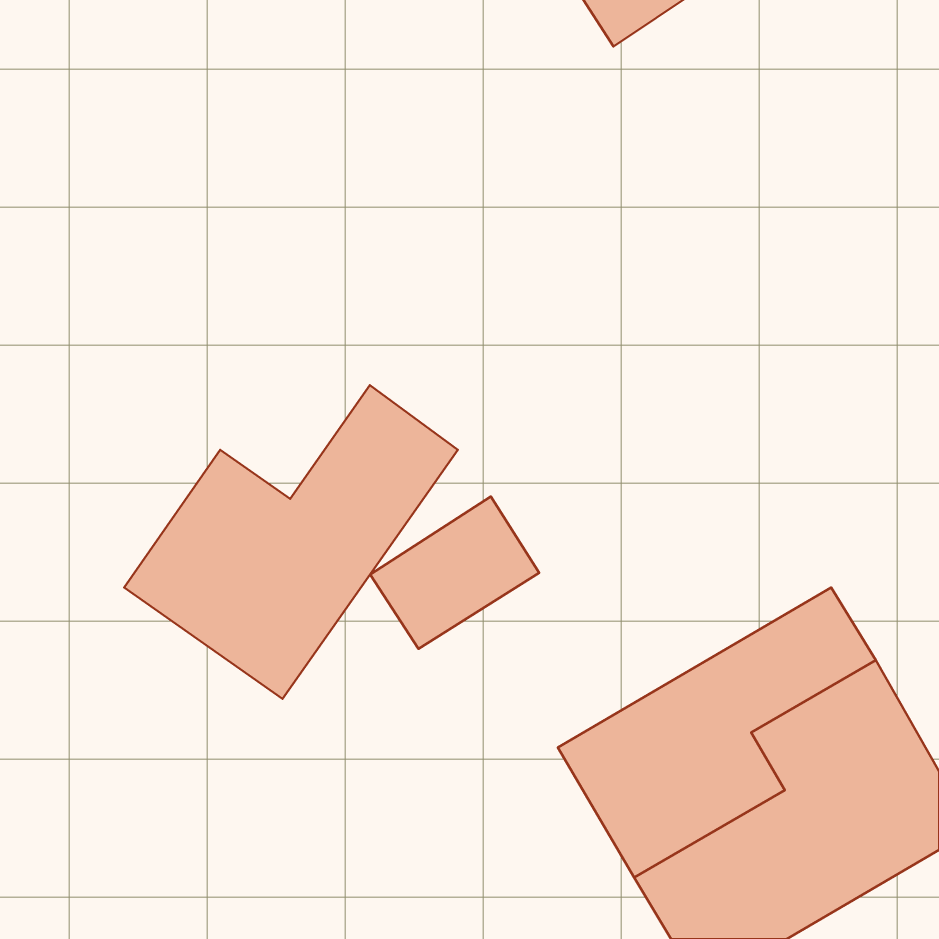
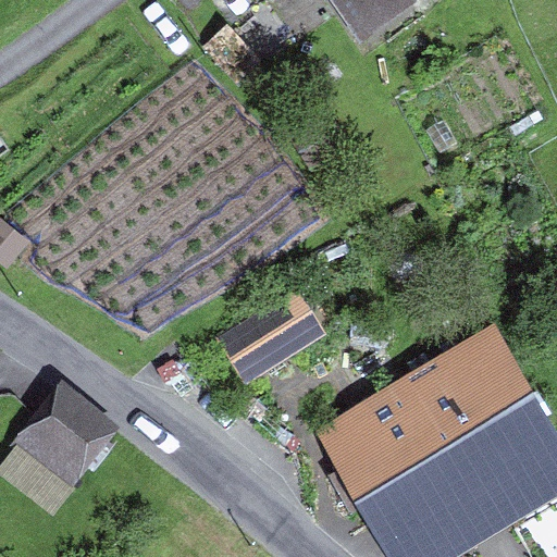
building: [124,385,458,699] -> none
building: none -> [16,398,109,487]

